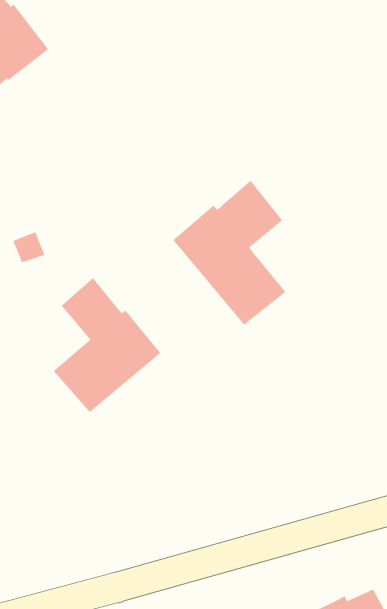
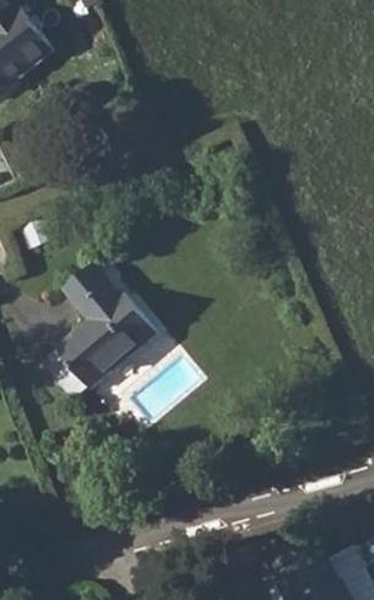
building: [172,180,286,325] -> none

